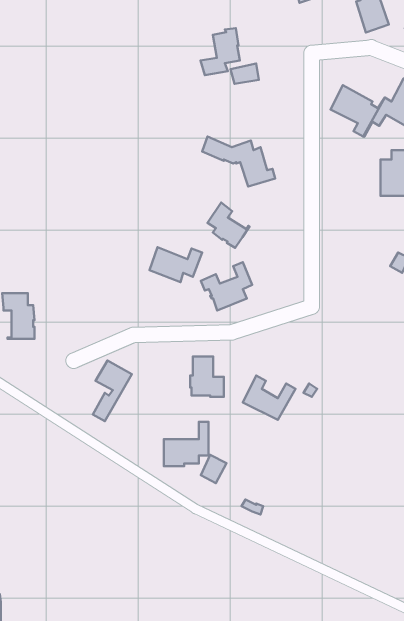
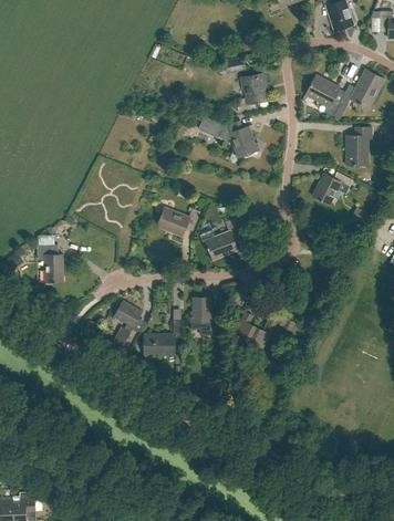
building: [201,28,240,75] -> [235,73,267,112]
building: [207,202,250,248] -> none
building: none -> [312,171,353,205]
building: [164,422,208,466] -> [145,320,182,356]

